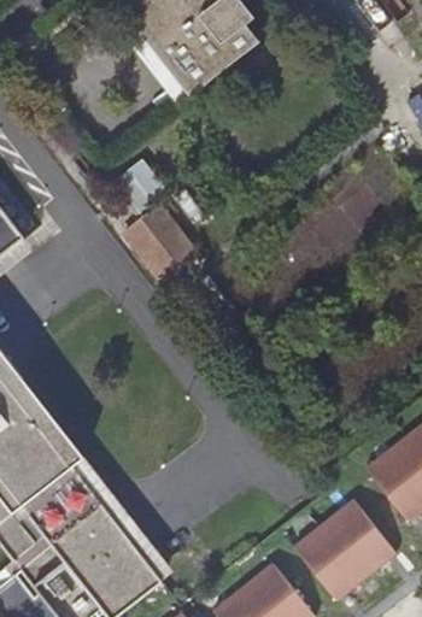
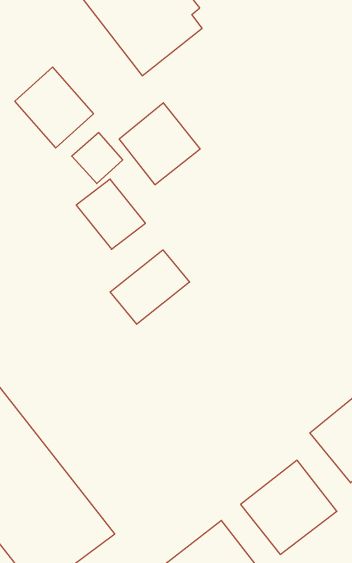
building: none -> [15,67,93,148]
building: none -> [119,103,200,185]
building: none -> [110,250,190,324]

